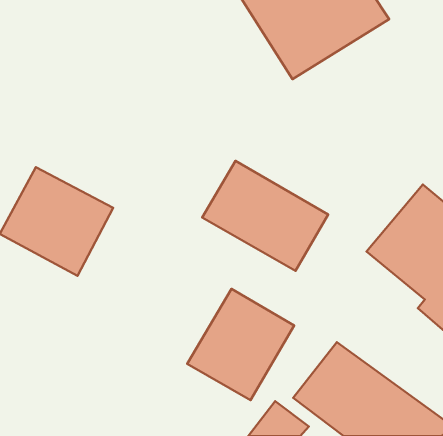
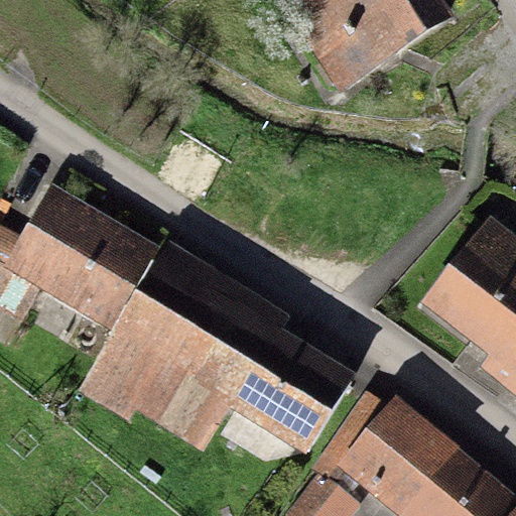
building: [202,161,328,271] -> none
building: none -> [86,251,279,450]

